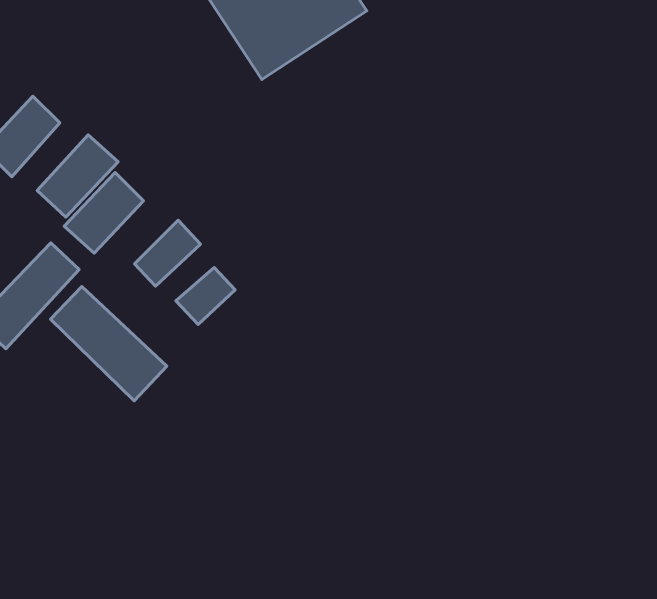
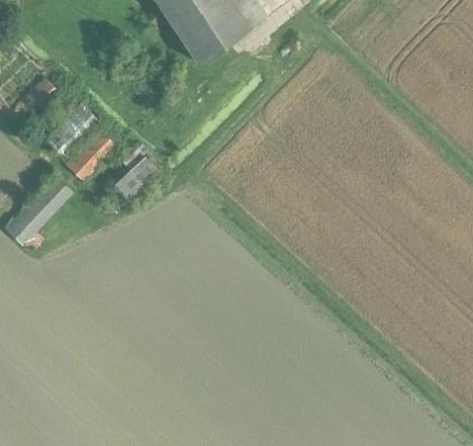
building: [176,267,235,325] -> none
building: [51,286,167,401] -> none

